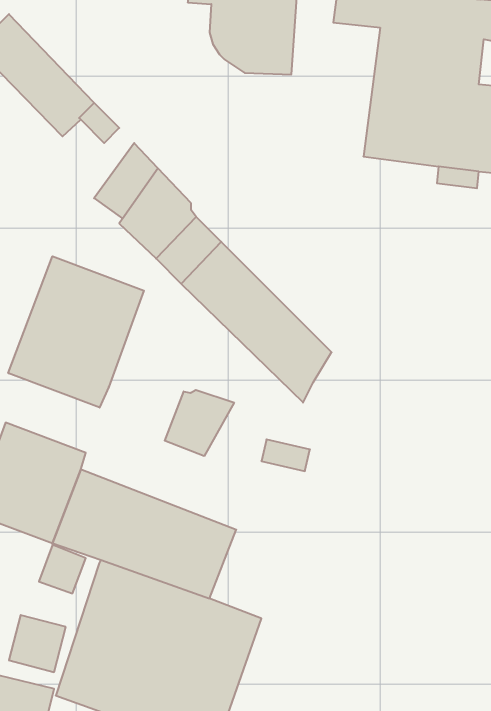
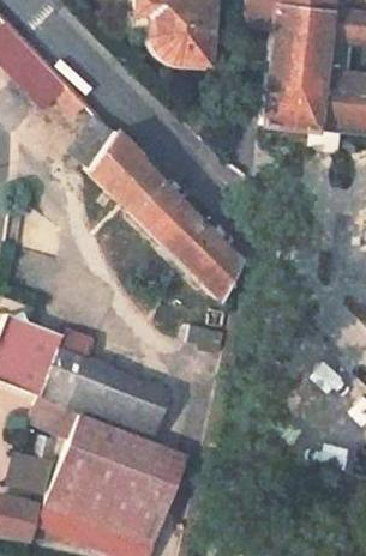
building: [8,256,144,408] -> none
building: [165,390,234,456] -> none

